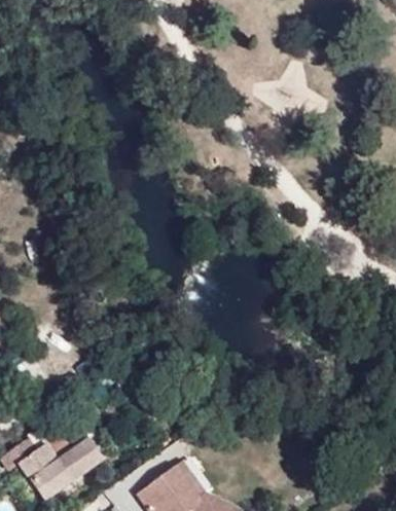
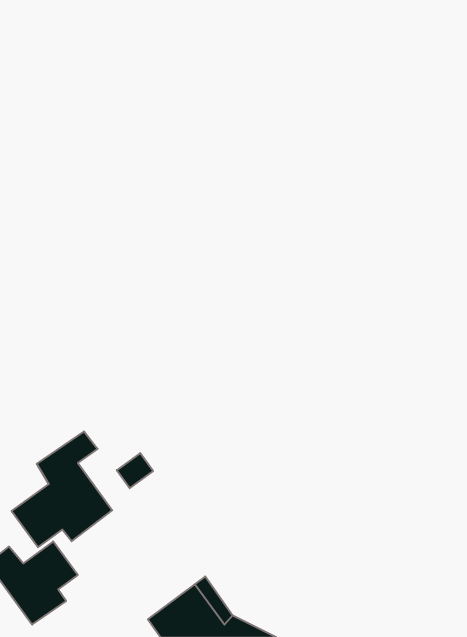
building: none -> [12,431,112,547]

